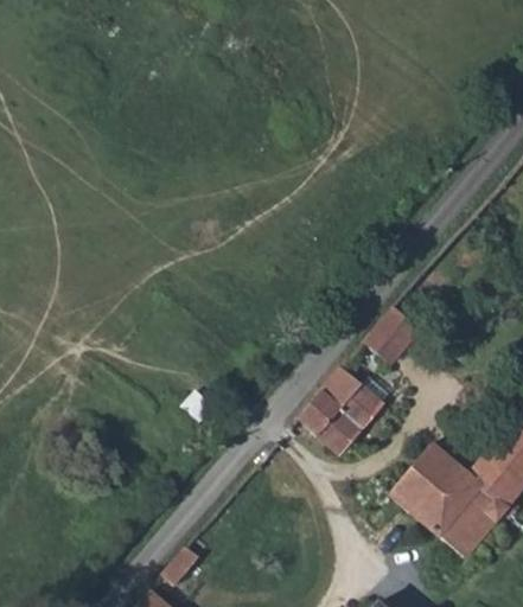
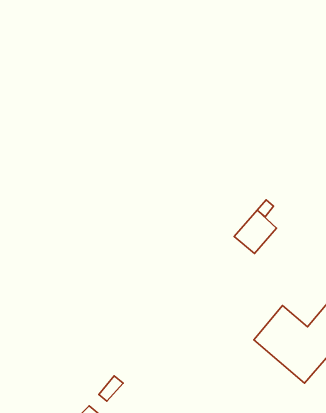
building: [298,366,391,453] -> none

